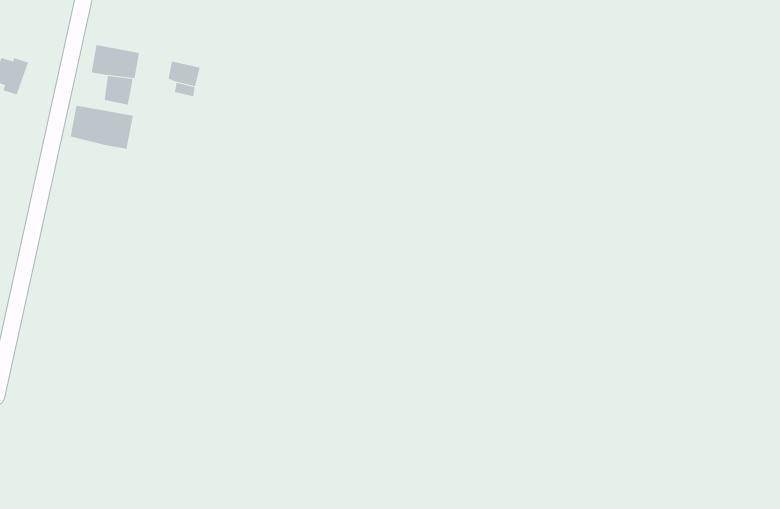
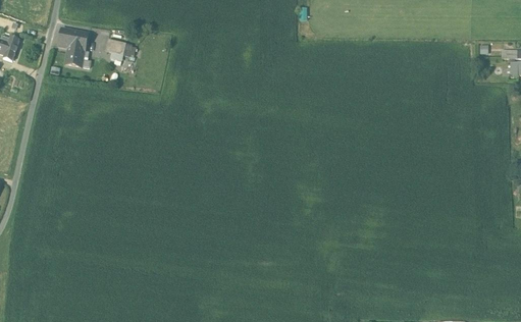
building: [70,105,133,149] -> none

